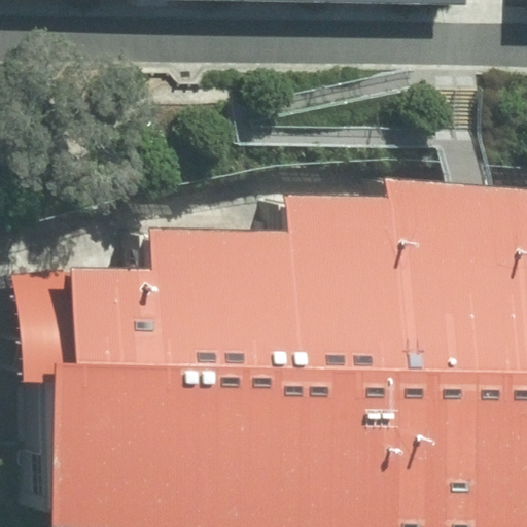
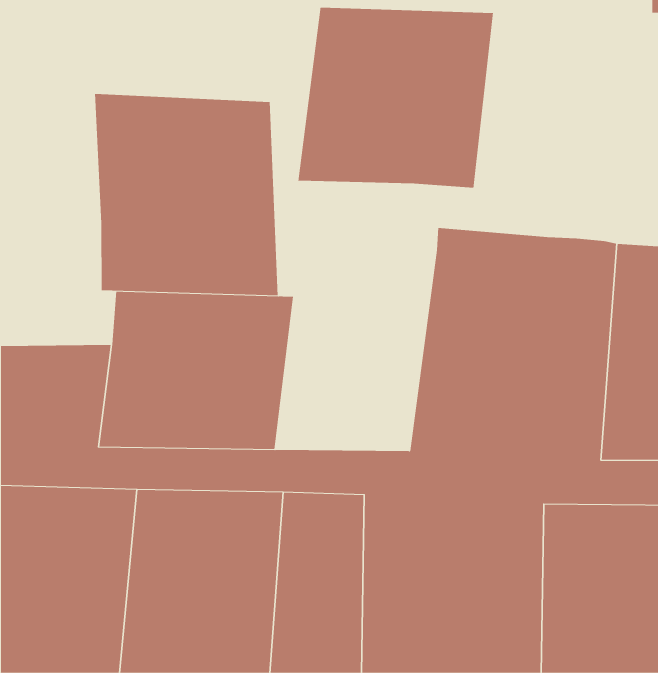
building: none -> [298,7,494,188]
building: none -> [94,93,278,296]
building: [230,192,354,349] -> none

